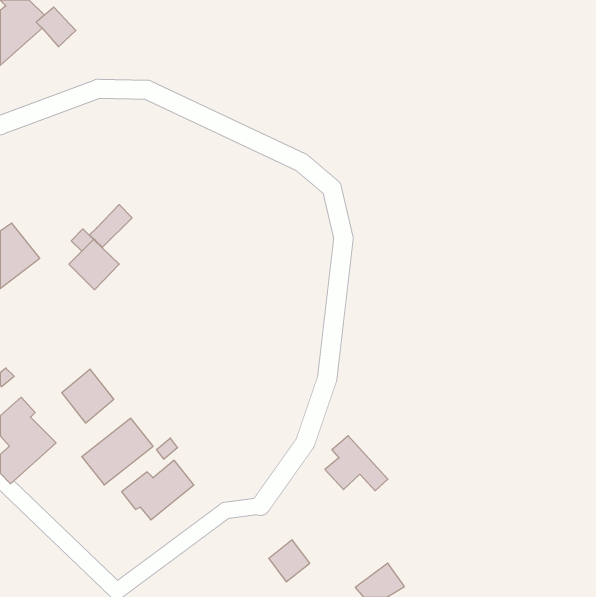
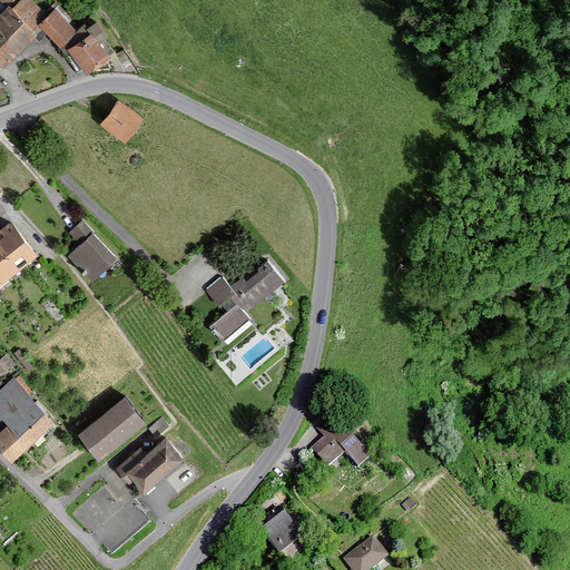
building: none -> [65,30,106,71]
building: none -> [97,99,141,144]
building: [89,205,132,247] -> none
building: none -> [205,259,281,342]
building: [62,369,114,423] -> none

